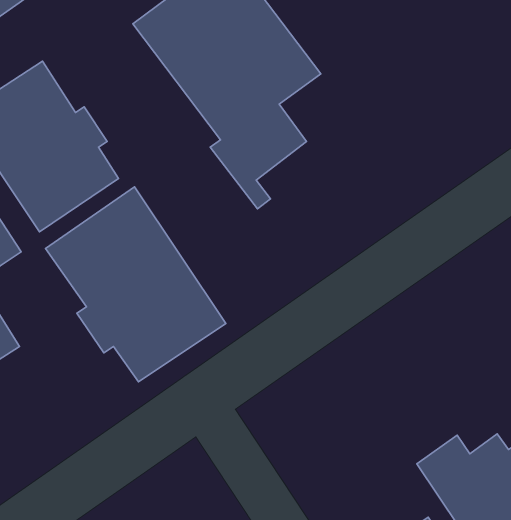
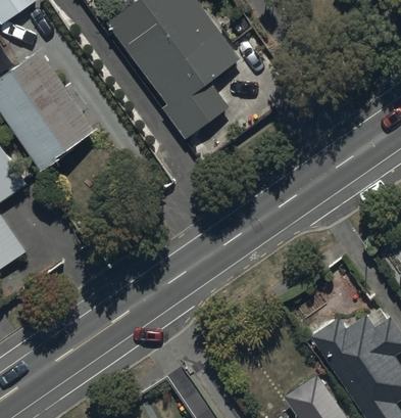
building: [46,187,226,382] -> none

